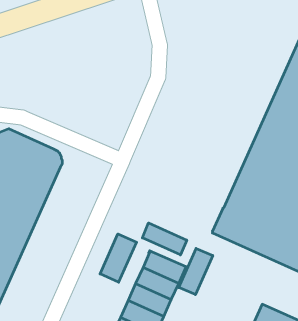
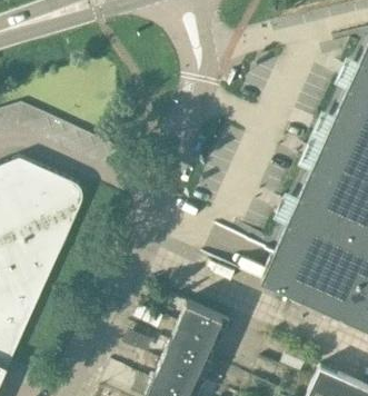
building: [142,223,187,255] -> none
building: [100,234,137,282] -> none
building: [179,248,213,295] -> none

